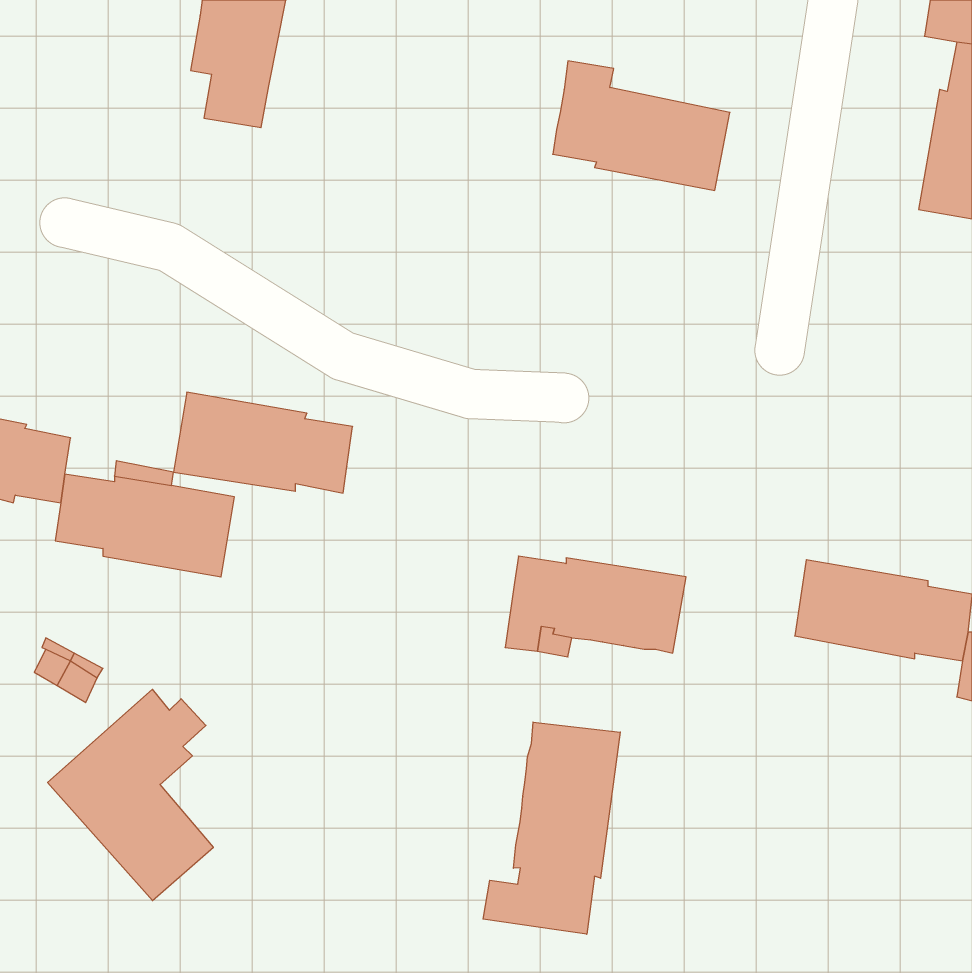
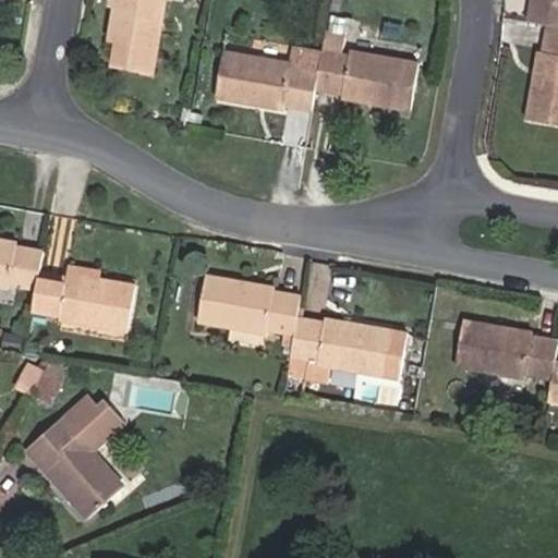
building: none -> [215,52,320,110]
building: [173,392,353,493] -> [197,276,300,333]
building: [483,722,620,934] -> none

